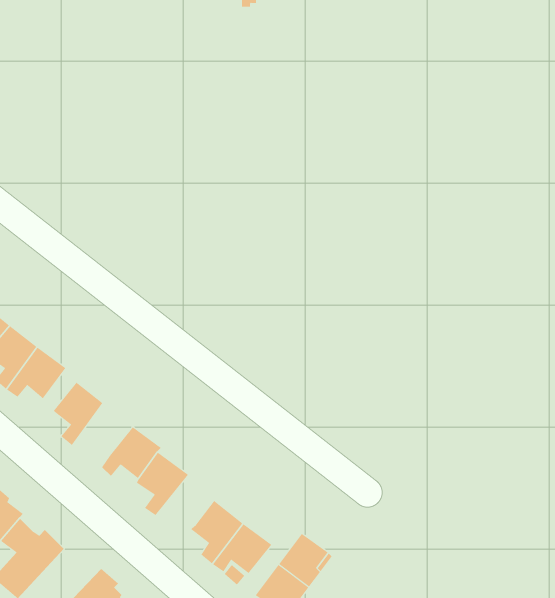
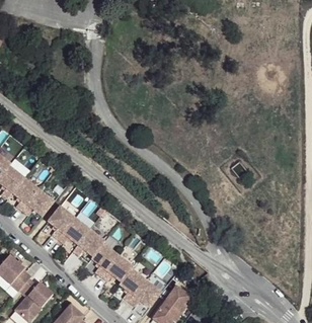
building: none -> [57,217,88,244]
building: none -> [100,254,132,280]

